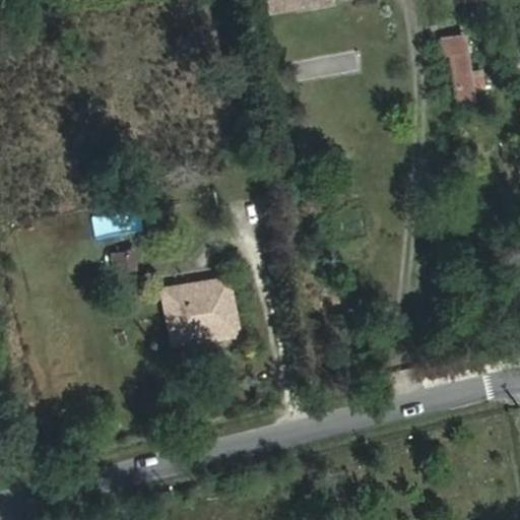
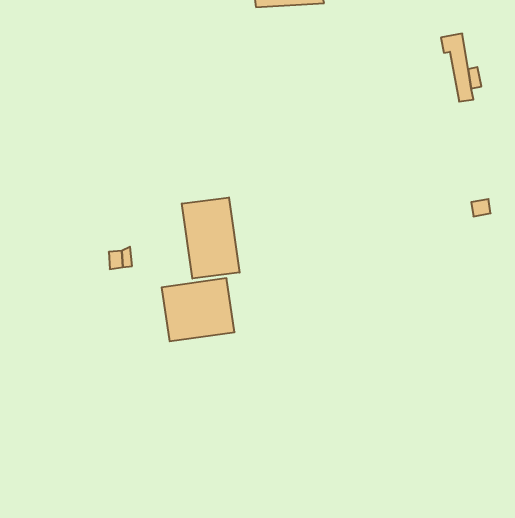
building: none -> [182,197,240,279]

